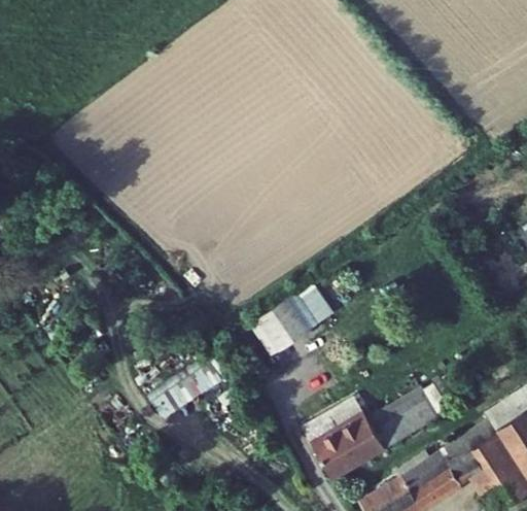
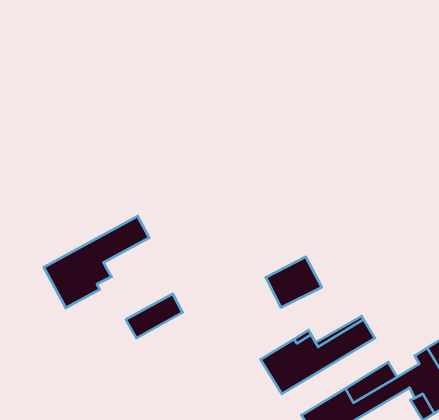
building: none -> [44,216,149,308]
building: [254,293,319,351] -> [266,257,322,307]

